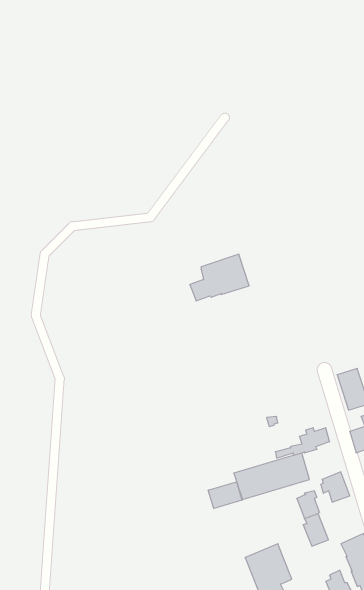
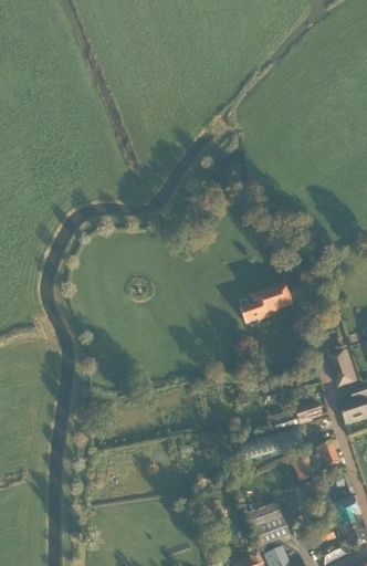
building: [190,254,249,301] -> [241,281,293,322]
building: [208,482,242,509] -> none

